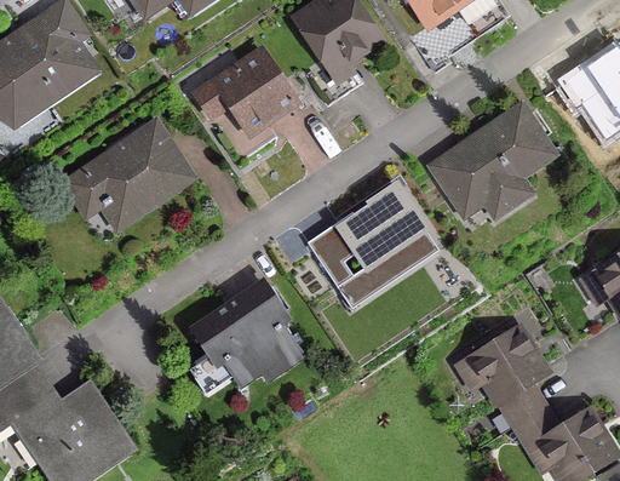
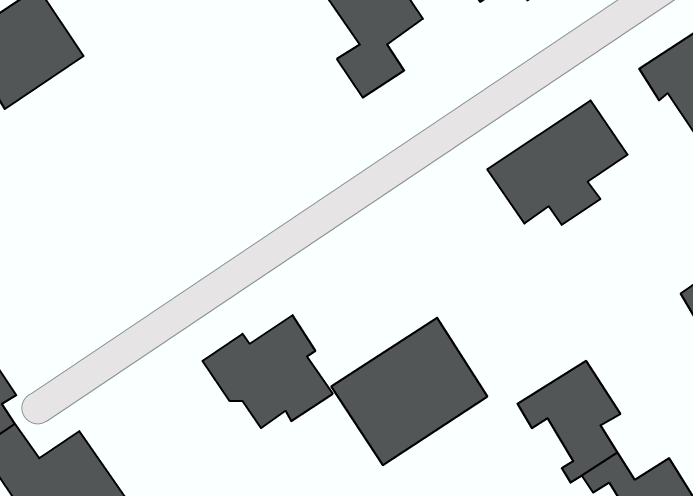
building: [195,51,294,156] -> none
building: [65,125,186,225] -> none
building: [309,182,441,307] -> [331,318,487,465]

